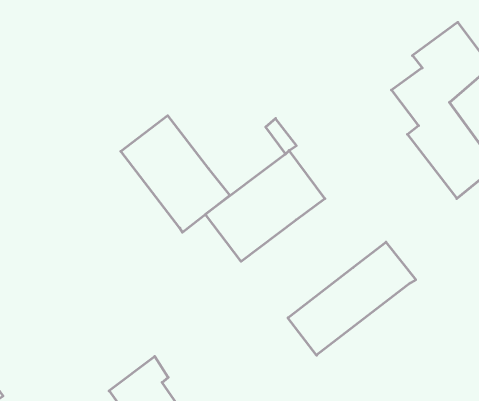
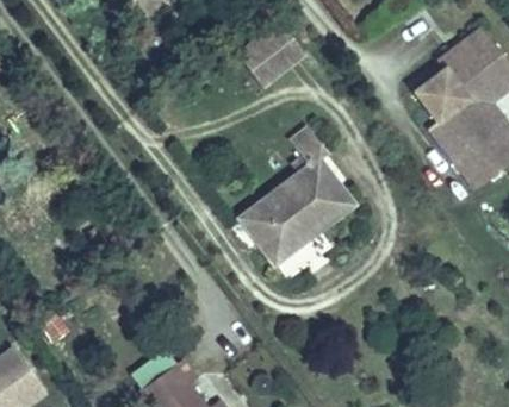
building: [121,116,230,232] -> none
building: [288,242,416,355] -> none

